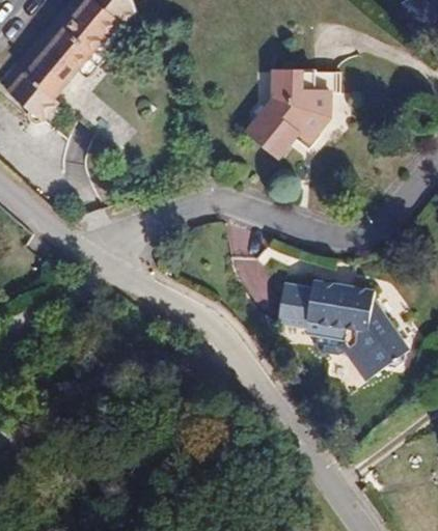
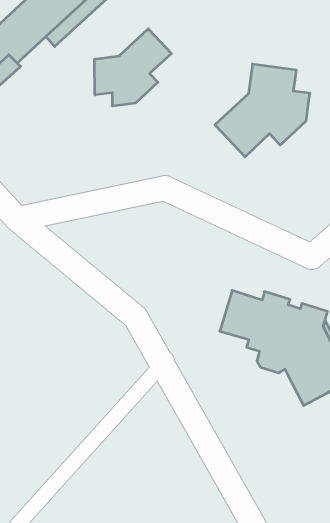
building: none -> [95,29,171,106]

